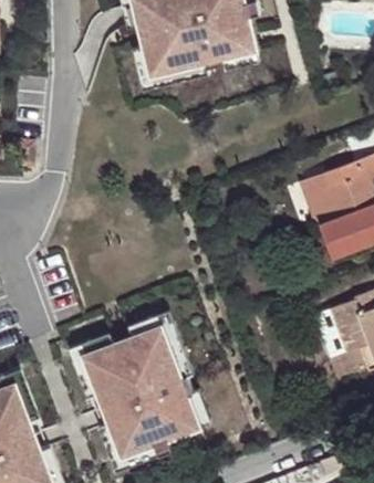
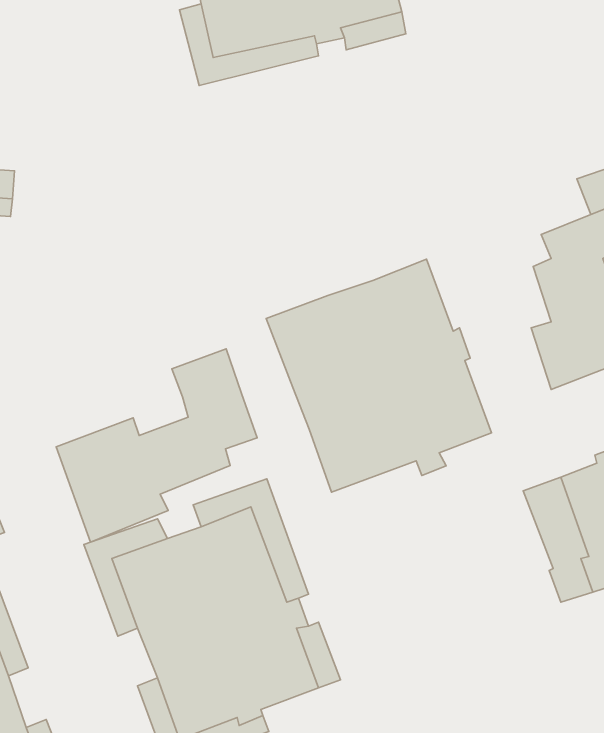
building: [300,177,332,231] -> none
building: none -> [266,259,492,492]
building: none -> [56,349,257,542]

